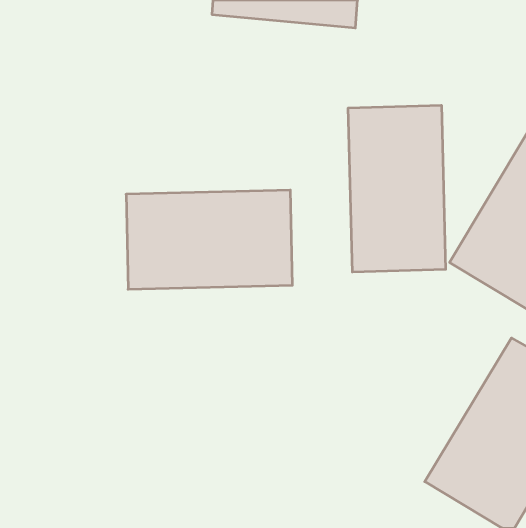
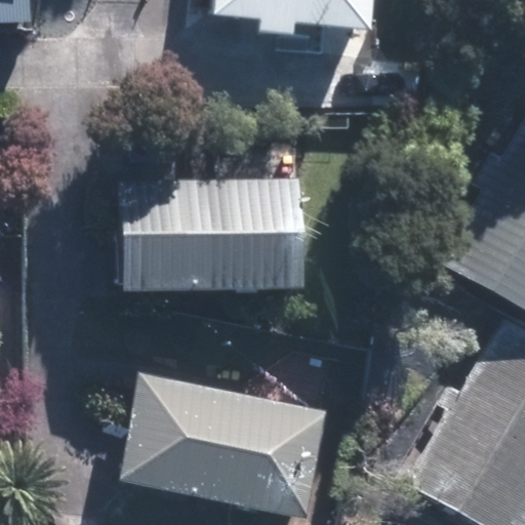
building: [348,105,446,272] -> none
building: none -> [122,380,314,513]

